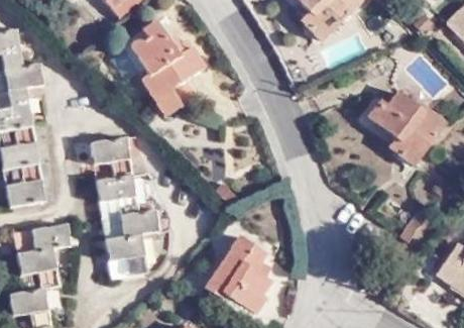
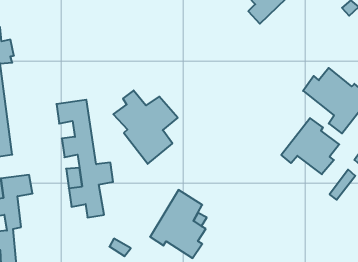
building: [131,32,205,116] -> [113,90,178,164]
building: none -> [281,118,339,174]

